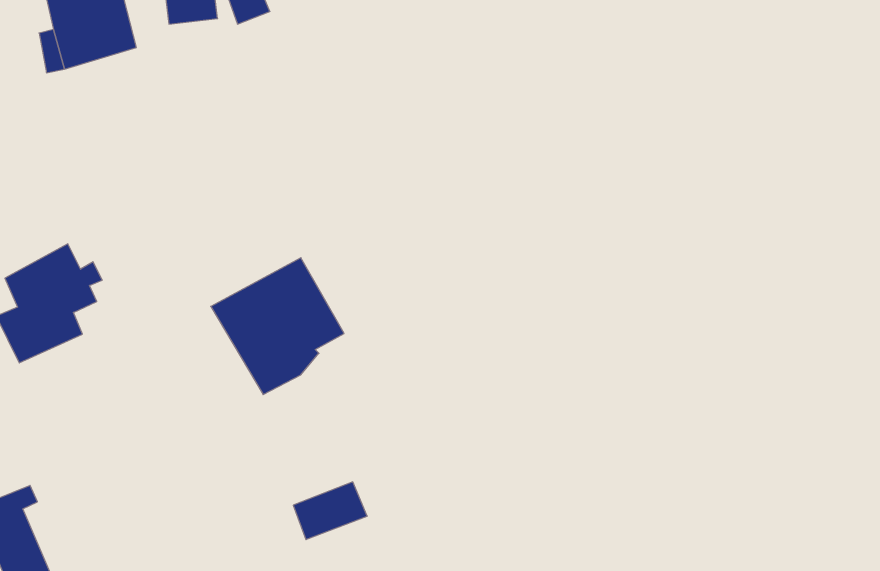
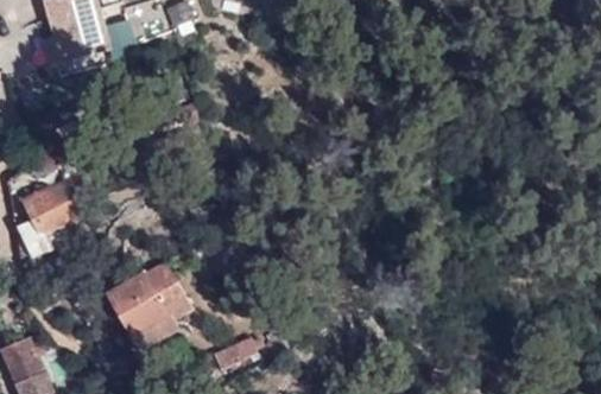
building: [211,258,344,395] -> [106,262,194,352]

